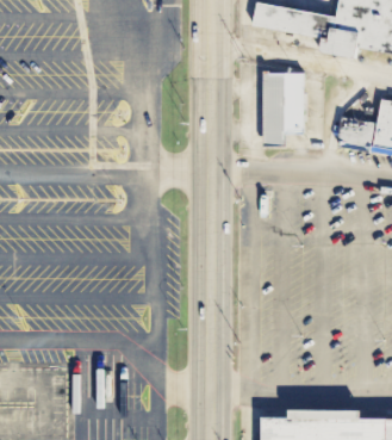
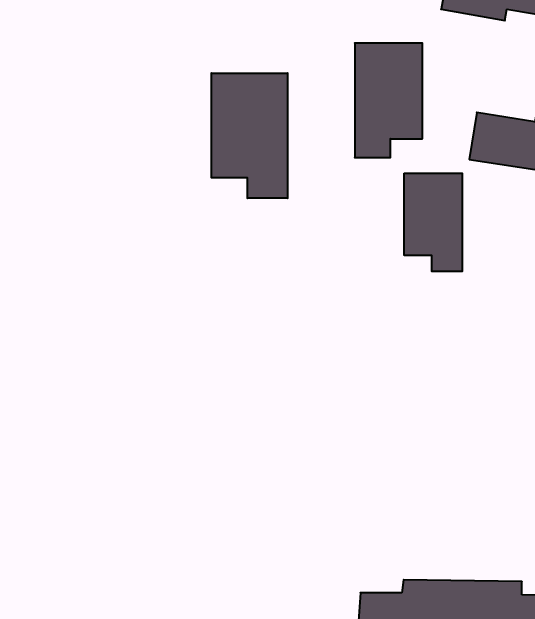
building: none -> [211,73,288,198]
building: none -> [404,173,462,271]

